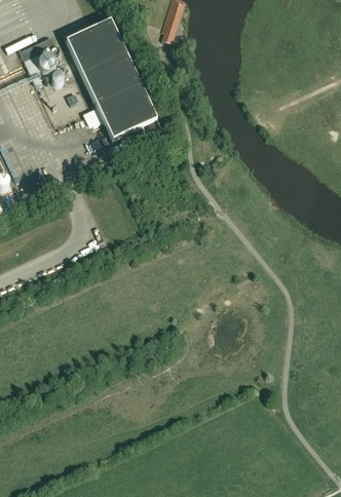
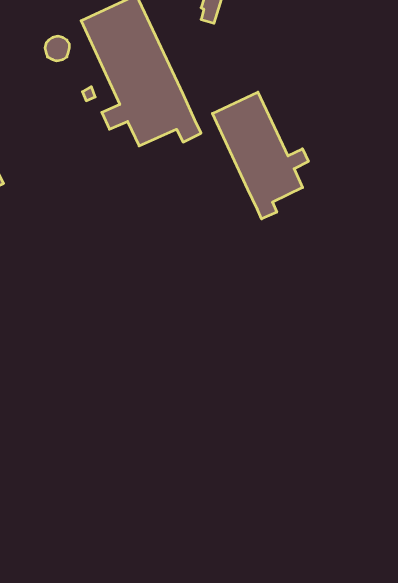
building: none -> [212,92,308,219]

